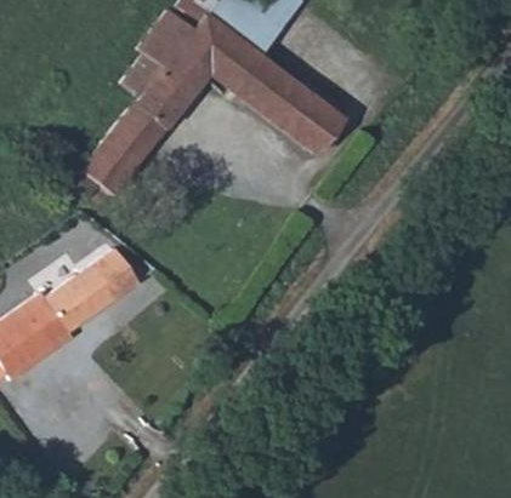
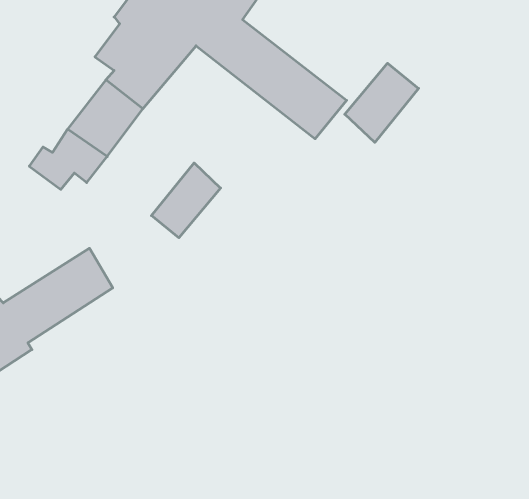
building: none -> [345,63,419,142]
building: none -> [151,163,221,238]

